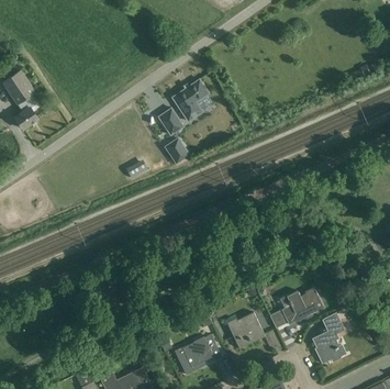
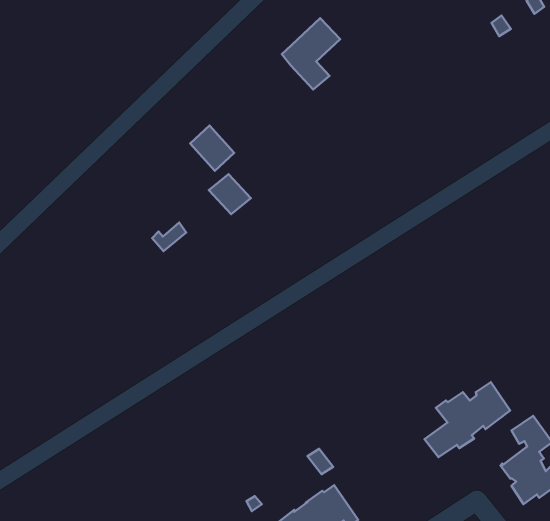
building: [172,80,209,122] -> [282,18,340,89]
building: [227,313,265,349] -> none

